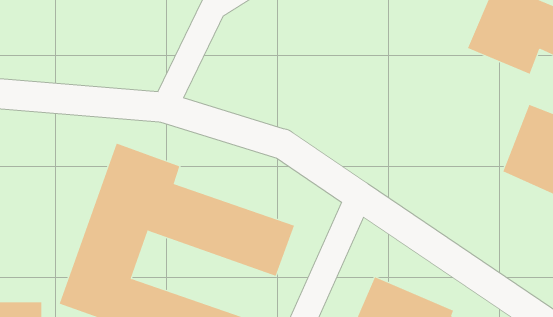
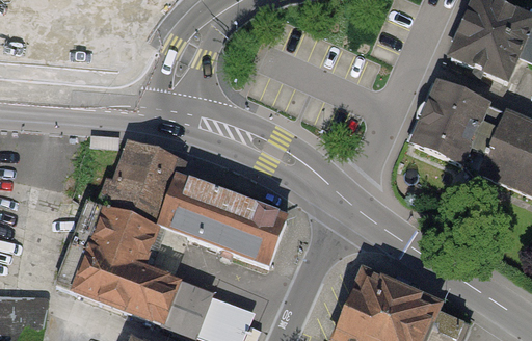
building: none -> [410,75,489,160]

